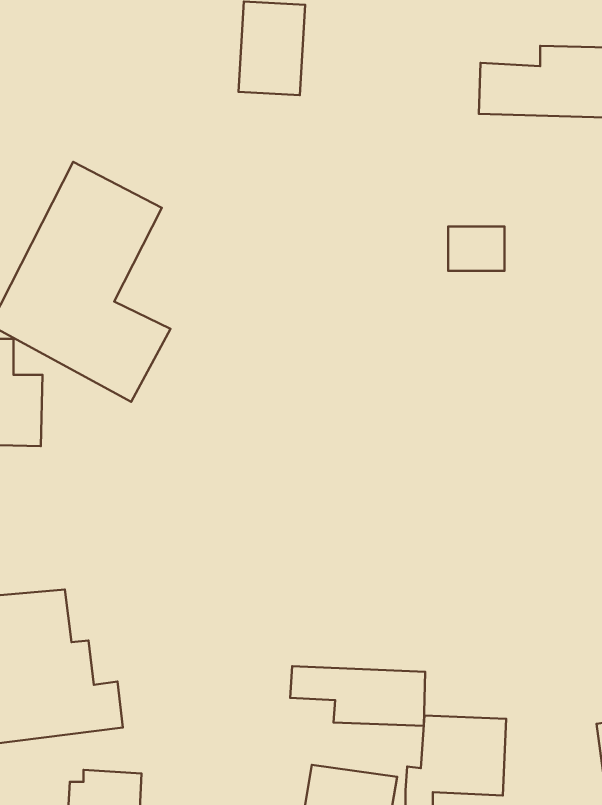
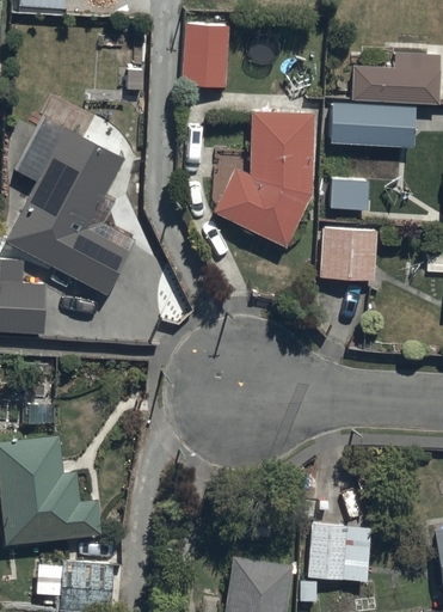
building: none -> [331,106,417,151]
building: none -> [219,115,315,252]
building: none -> [318,225,374,276]
building: [290,666,425,726] -> none

